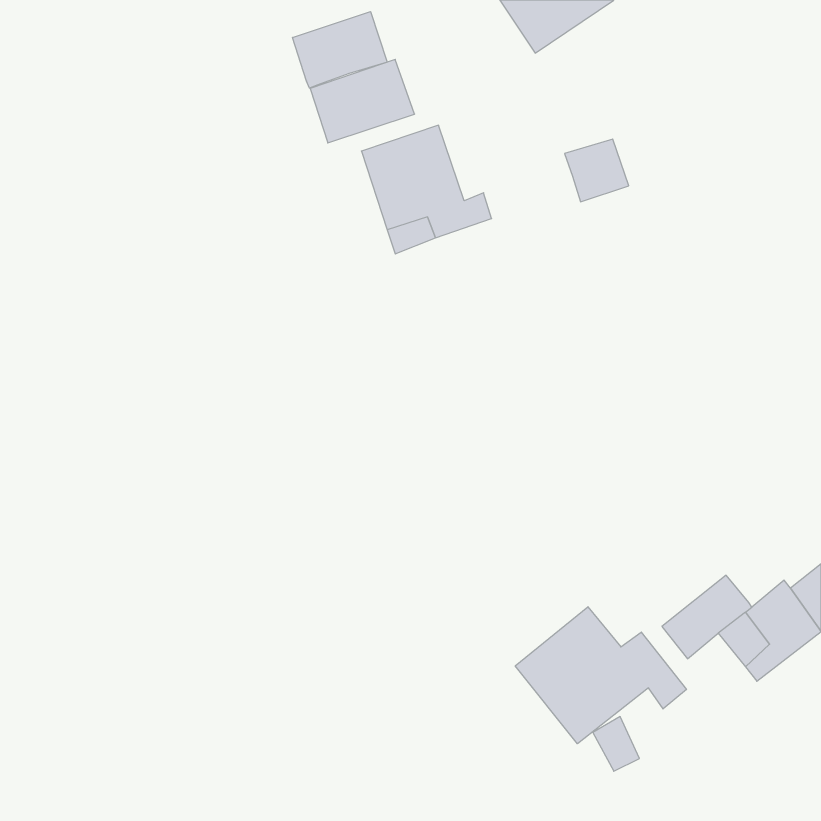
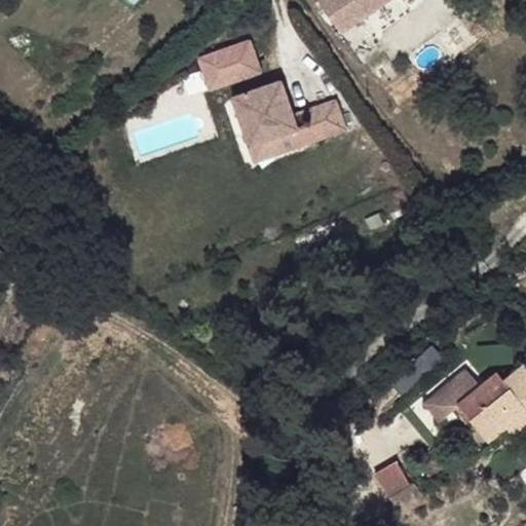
building: [293,12,387,88] -> none
building: [565,139,629,202] -> [304,100,345,140]
building: [515,607,686,744] -> none

